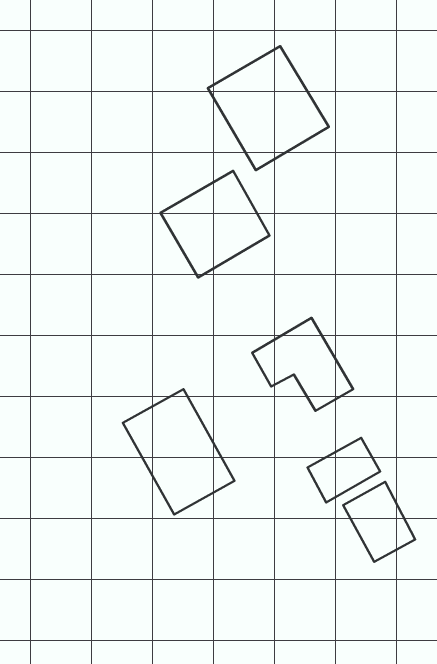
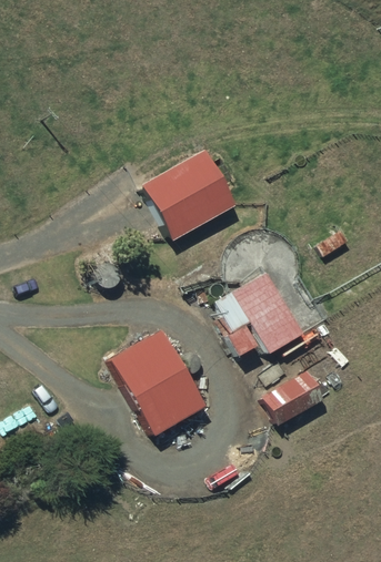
building: [208,46,329,170] -> none
building: [343,482,415,562] -> none

